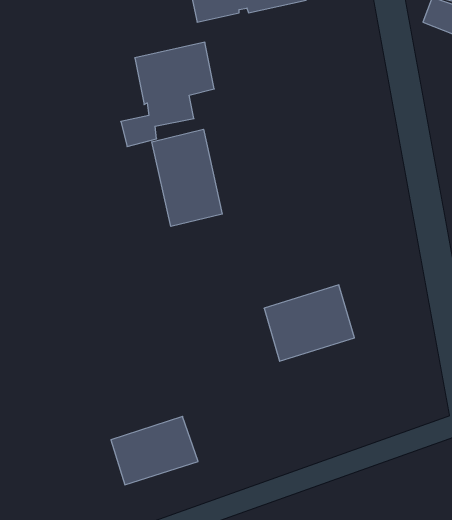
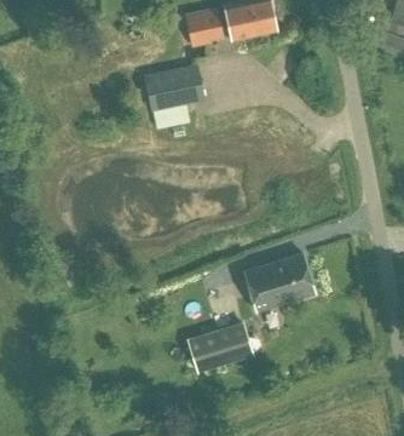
building: [152,129,222,226] -> none
building: [111,416,198,485] -> [187,320,255,373]

